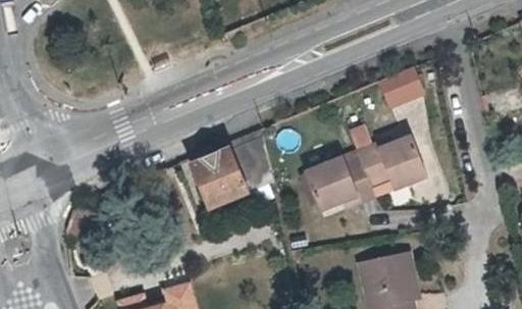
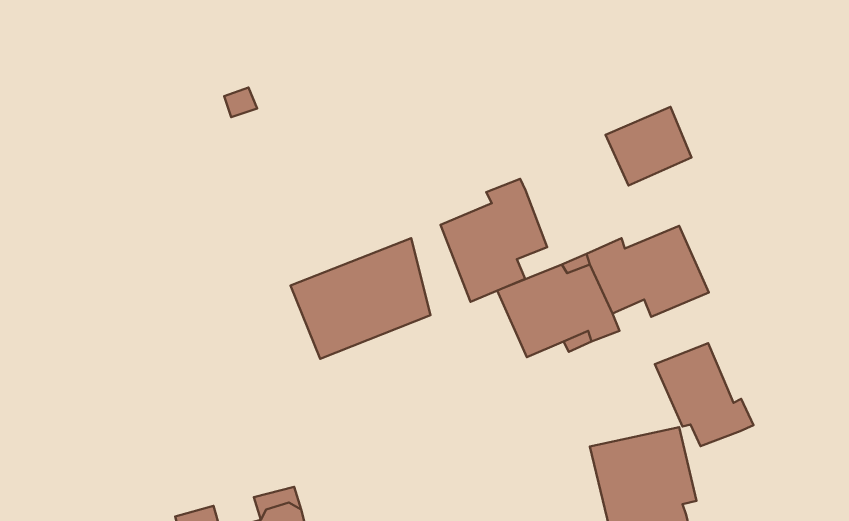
building: none -> [441,179,547,302]
building: none -> [655,343,754,446]

